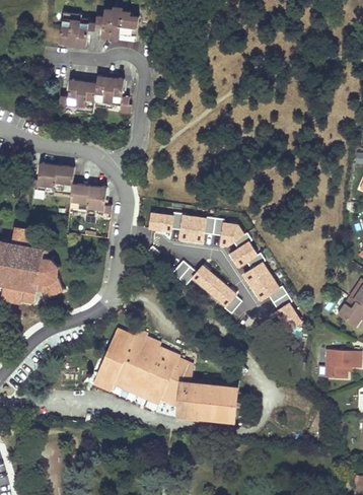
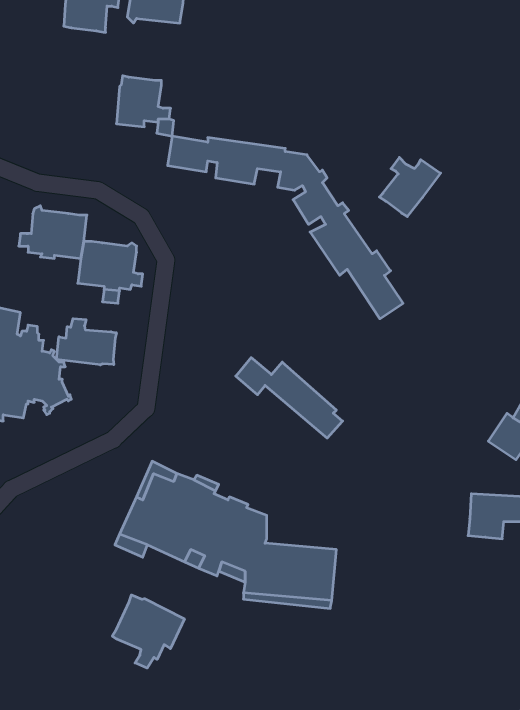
building: [60,79,96,114] -> none
building: none -> [379,157,441,217]
building: [147,212,301,332] -> [168,136,403,319]
building: none -> [57,319,116,365]
building: none -> [112,595,184,668]

